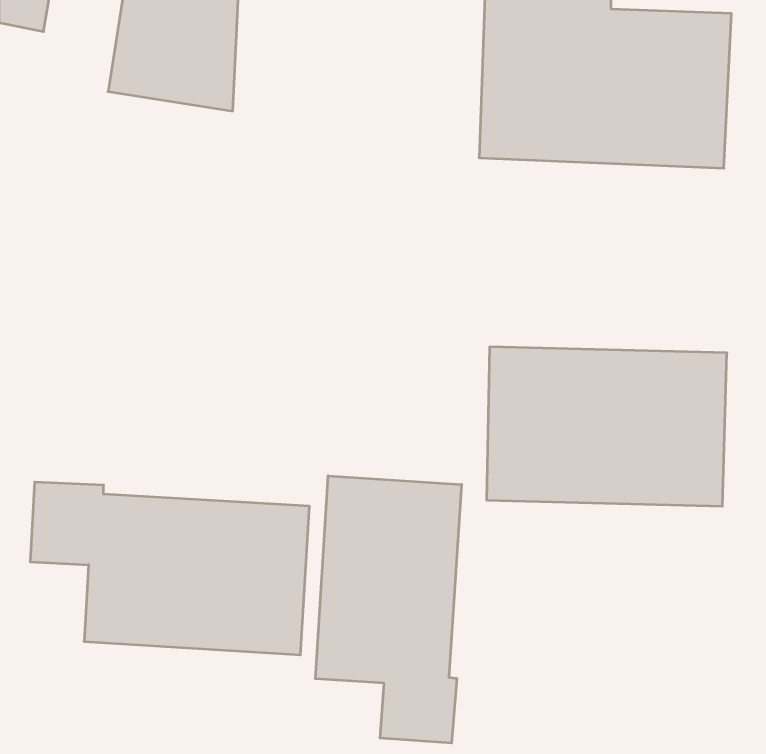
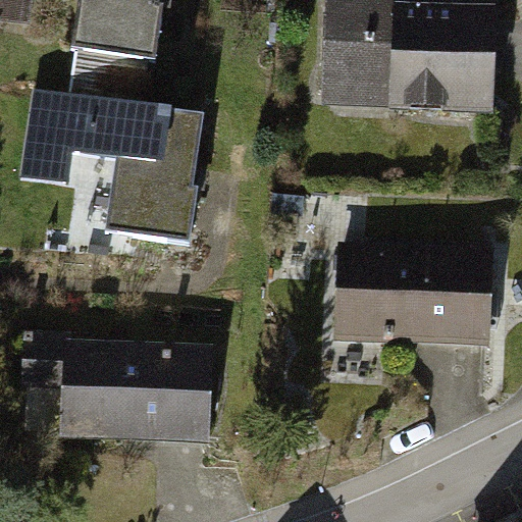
building: none -> [17,88,203,243]
building: [315,476,462,743] -> none

